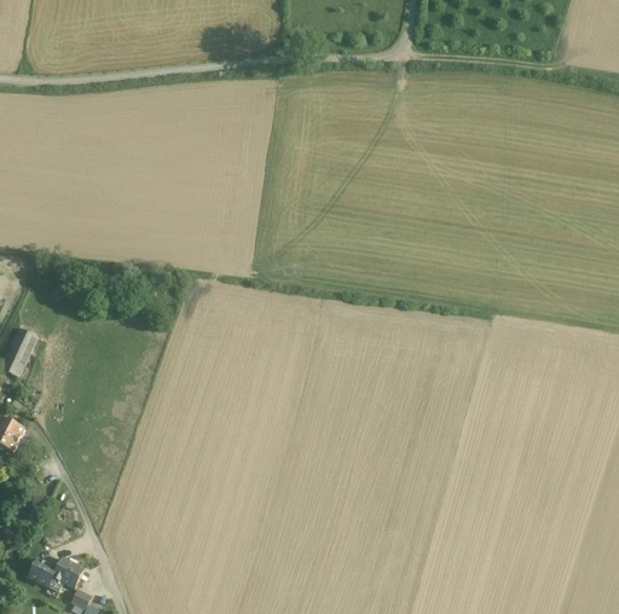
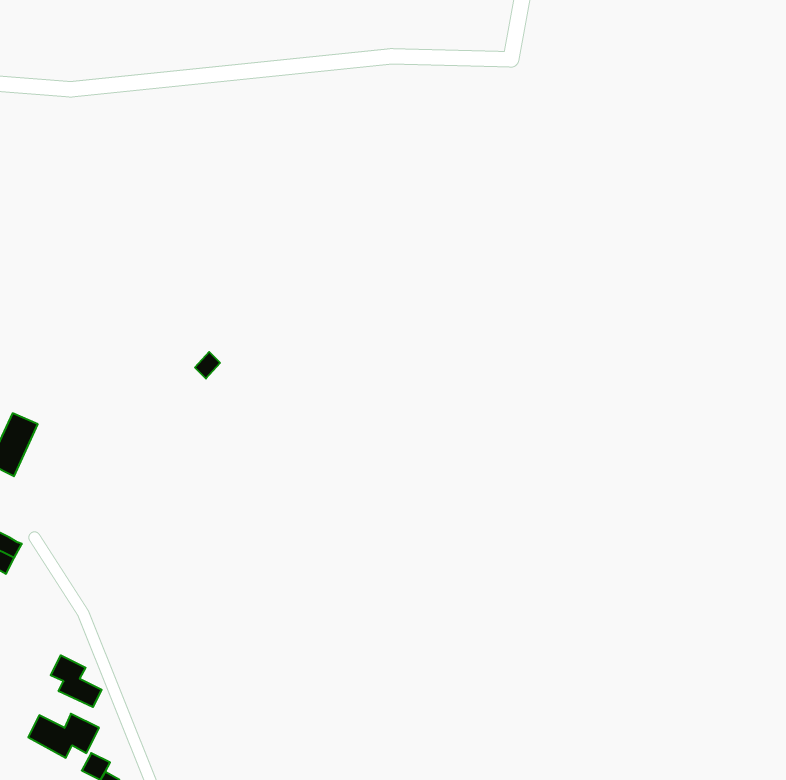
building: none -> [51,655,102,707]

